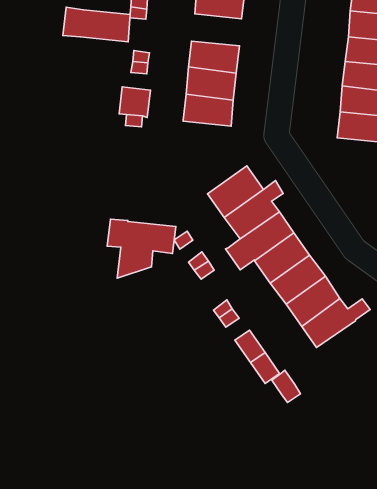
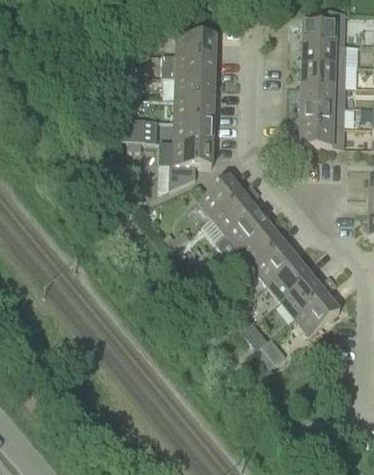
building: [63,7,130,42] -> [160,52,214,76]
building: [107,219,176,278] -> [157,139,212,186]
building: none -> [294,291,338,333]

